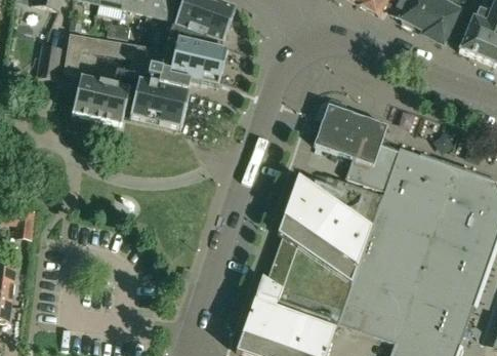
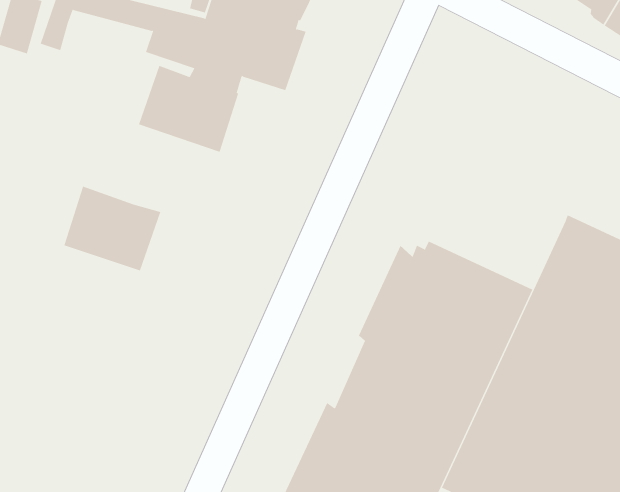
building: [73,76,131,125] -> [63,186,161,271]
building: [314,98,399,193] -> none

